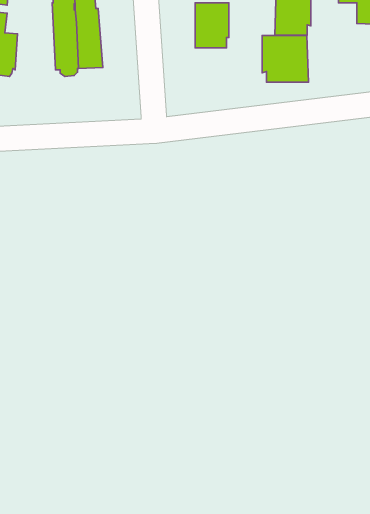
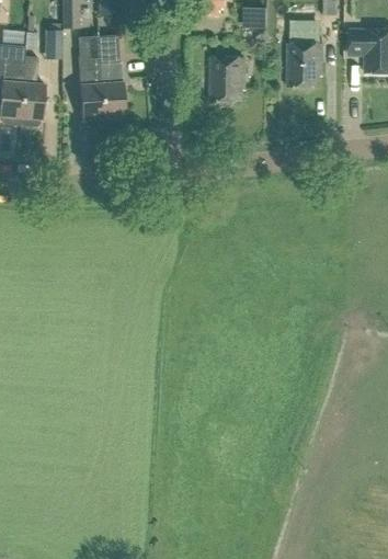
building: [262,35,308,82] -> none

